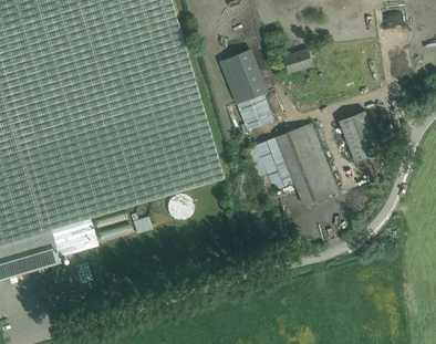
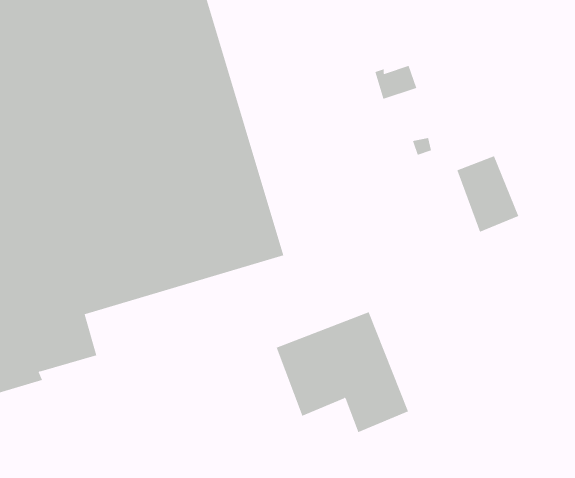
building: [221,51,274,129] -> none
building: [249,123,339,205] -> [276,312,409,433]

